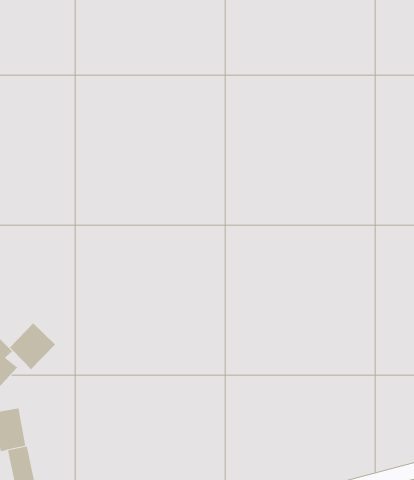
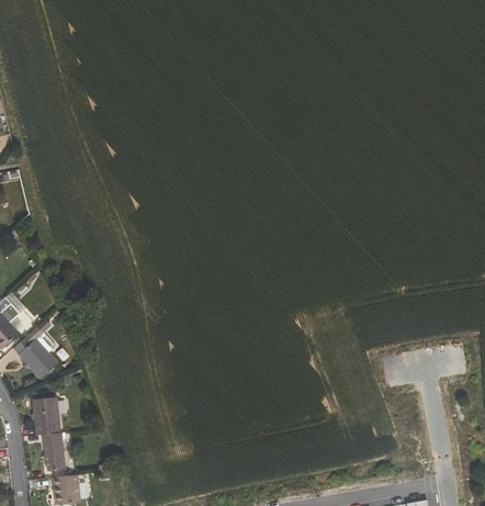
building: [9,323,56,370] -> none

